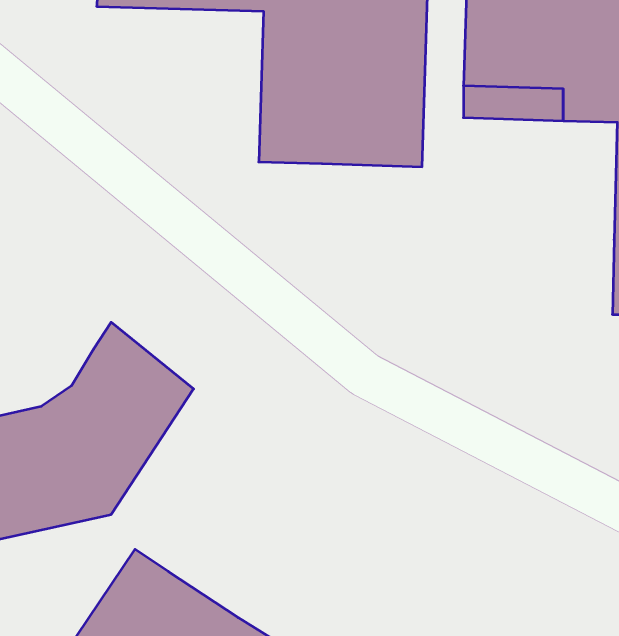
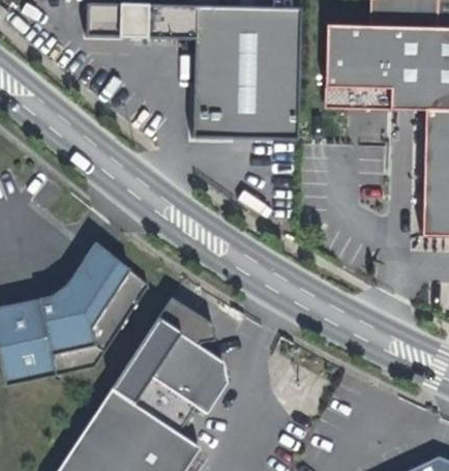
building: none -> [111,296,229,433]

